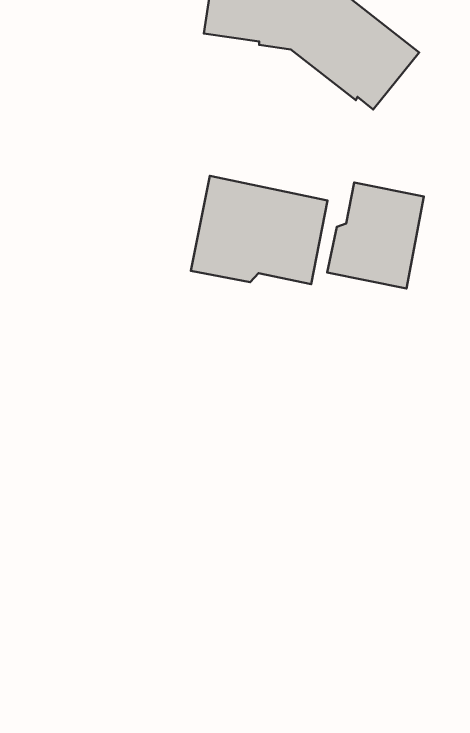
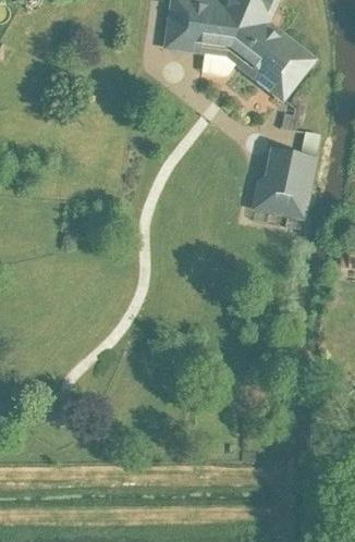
building: [191,176,327,284] -> none

